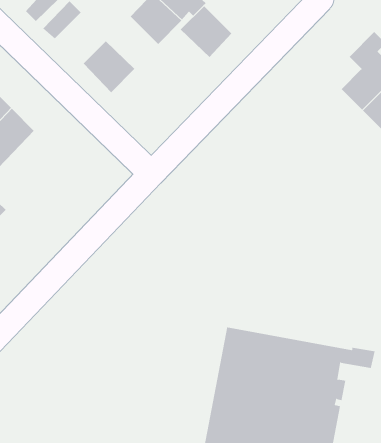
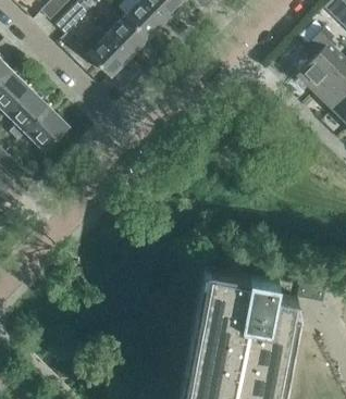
building: [180,5,232,58] -> [106,15,148,58]
building: none -> [25,108,67,150]

